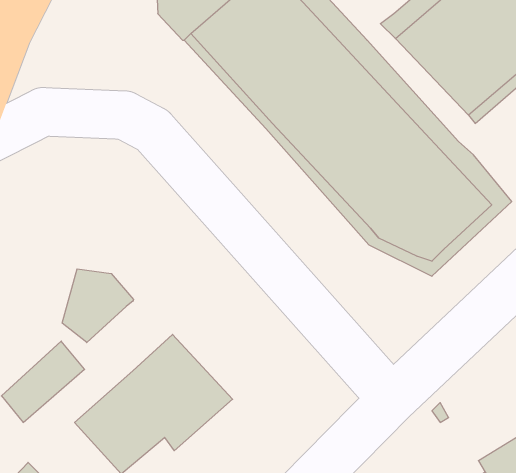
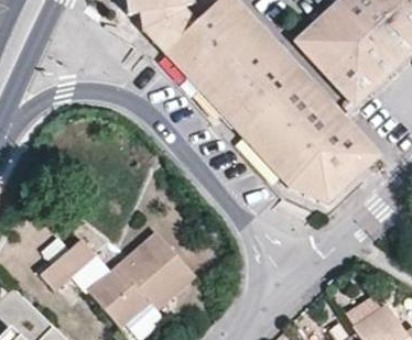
building: [62,269,133,343] -> none

